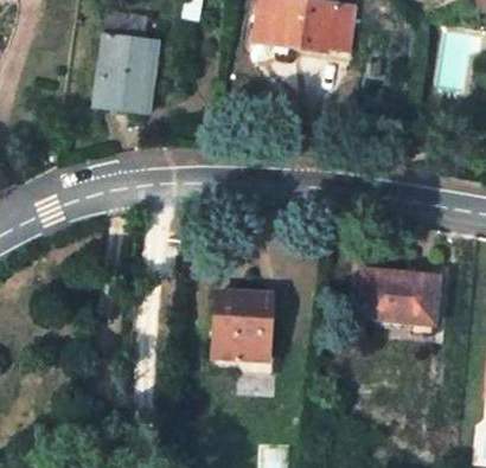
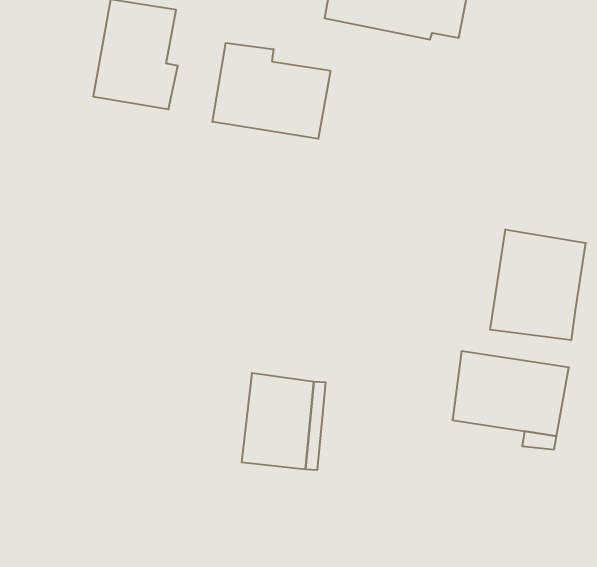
building: none -> [212,43,330,139]
building: none -> [490,229,586,340]

